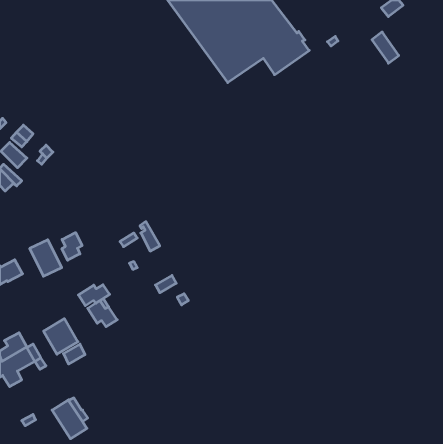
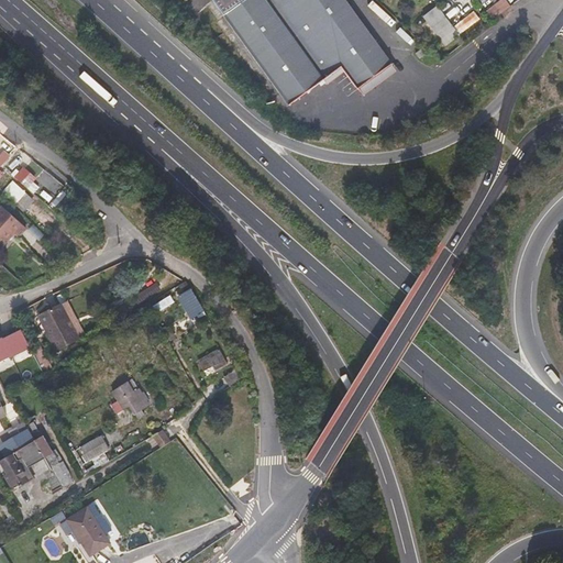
building: [372,32,399,63] -> [422,5,456,45]
building: [62,233,82,260] -> none
building: [78,285,110,306] -> none
building: [44,319,78,354] -> none

